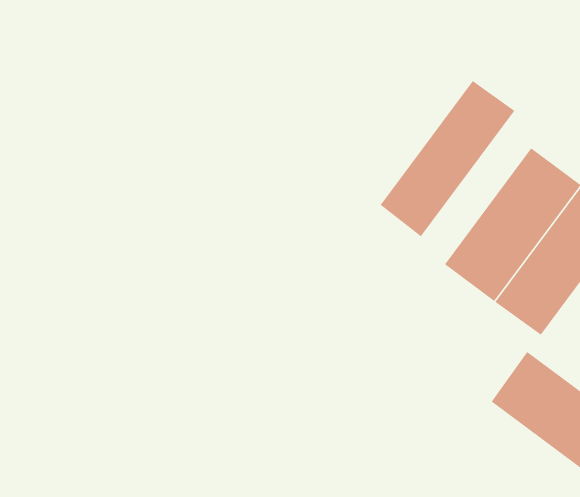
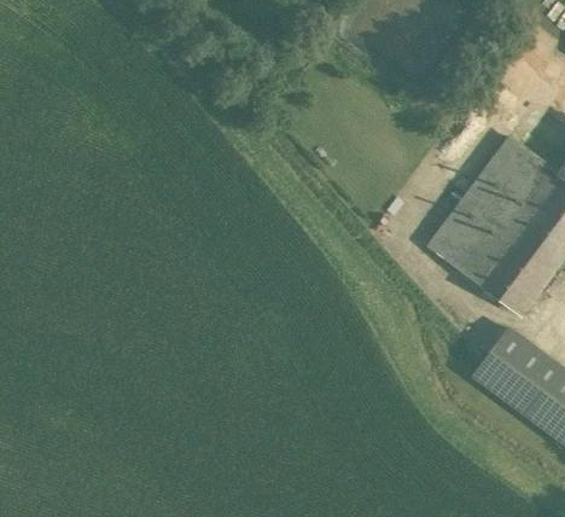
building: [380,80,515,237] -> none

